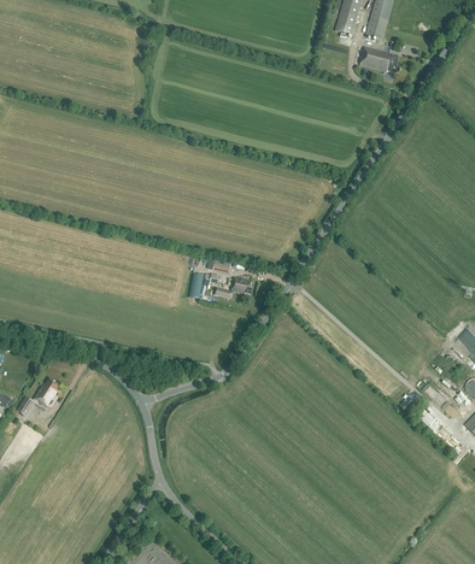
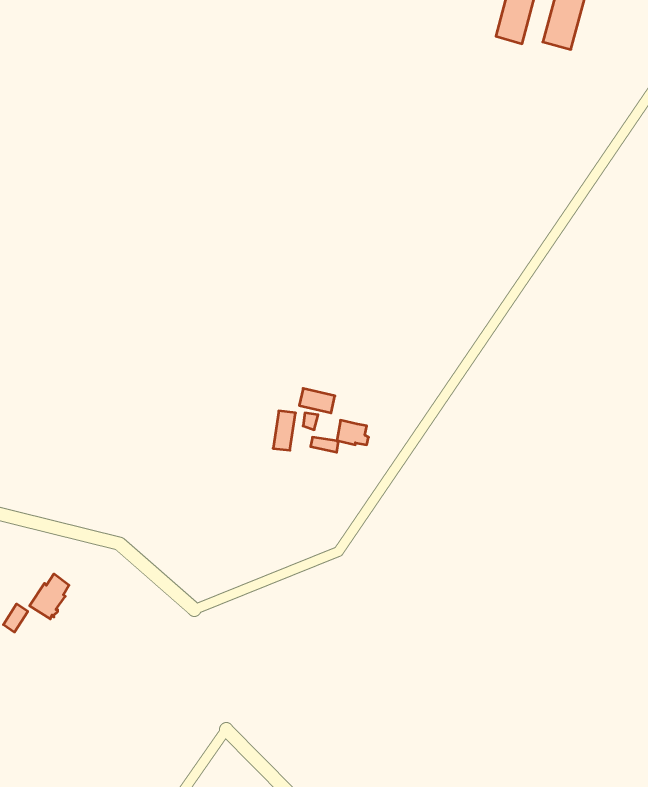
building: [359,46,400,72] -> none

